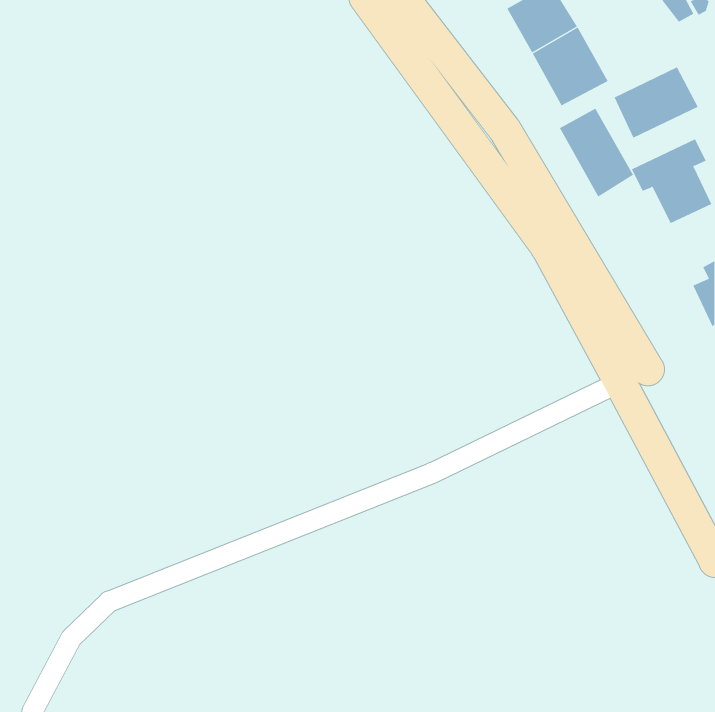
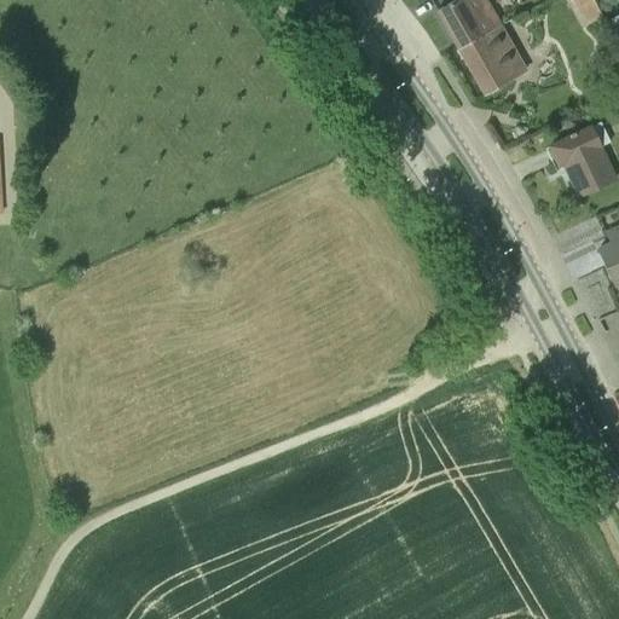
building: [614,66,699,139] -> none
building: [559,108,634,197] -> none

